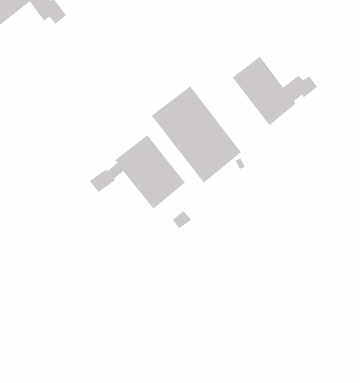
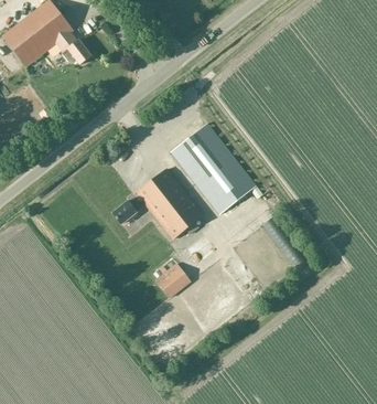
building: [232,56,318,126] -> none
building: none -> [154,262,191,297]

